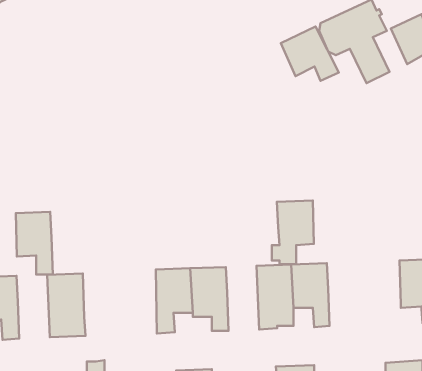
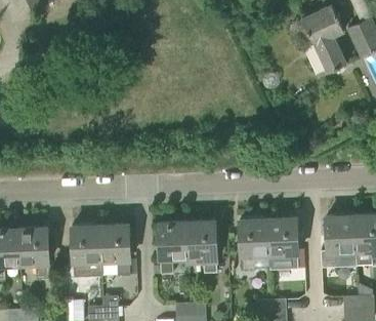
building: [281,27,339,81] -> none
building: [272,200,314,264] -> [322,214,356,266]
building: [16,212,53,275] -> [100,224,130,274]

